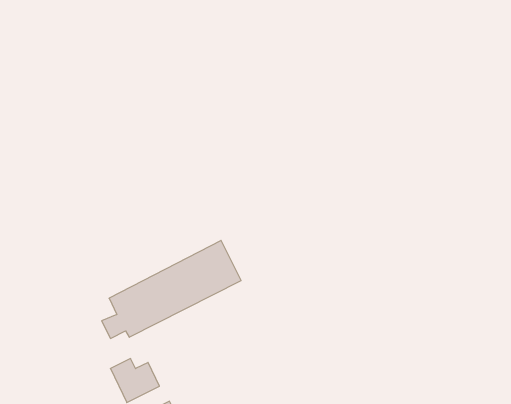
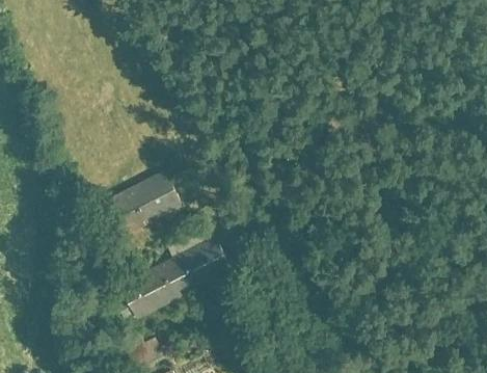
building: none -> [101,170,183,234]

